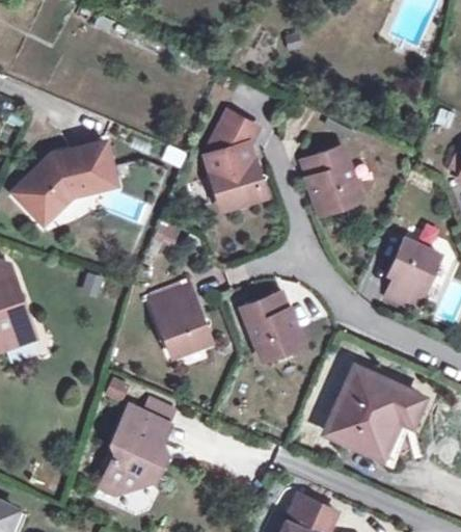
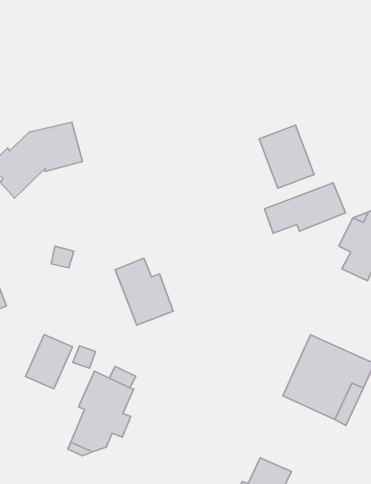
building: [207,114,264,208] -> none
building: none -> [265,183,345,233]
building: [242,292,300,358] -> none
building: none -> [26,334,72,389]

